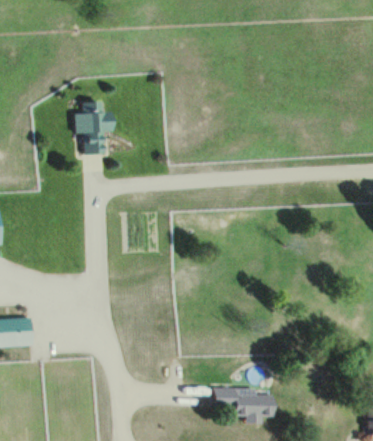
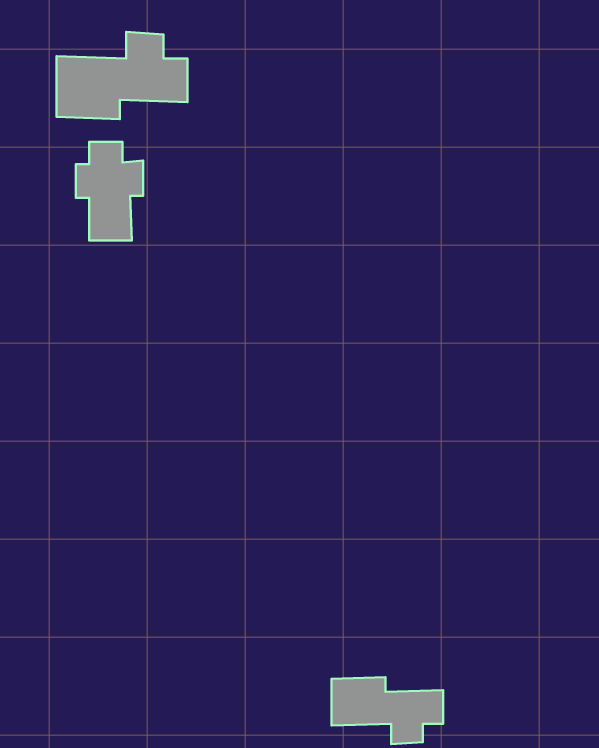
building: none -> [56,32,187,119]

